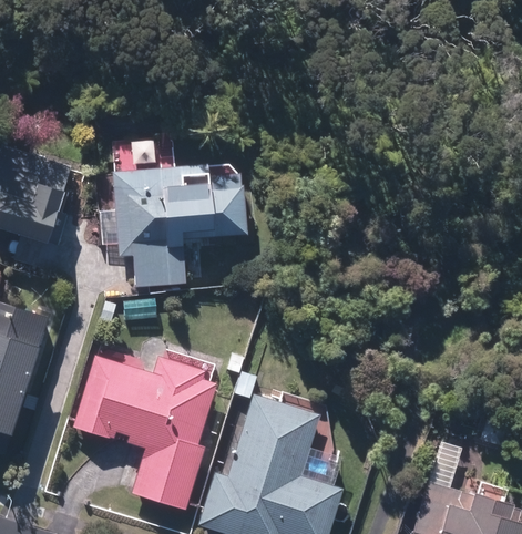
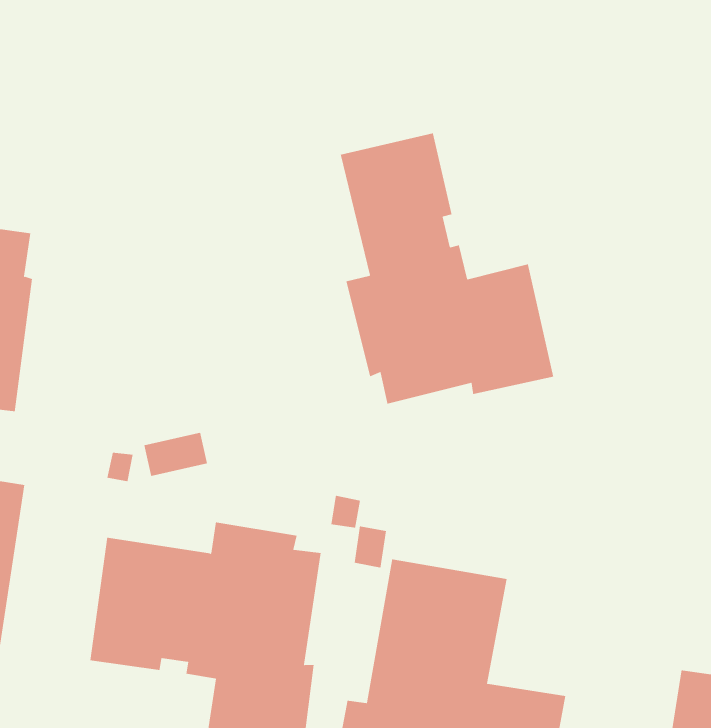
building: none -> [340,133,554,405]
building: [111,164,244,285] -> none

